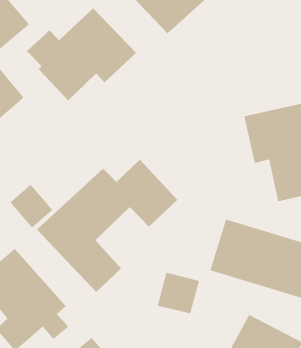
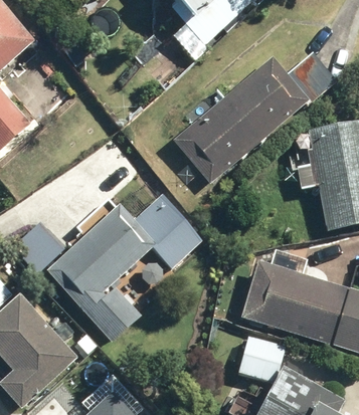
building: [26,8,137,101] -> none
building: none -> [171,55,328,184]
building: [157,272,200,314] -> [237,334,286,381]

